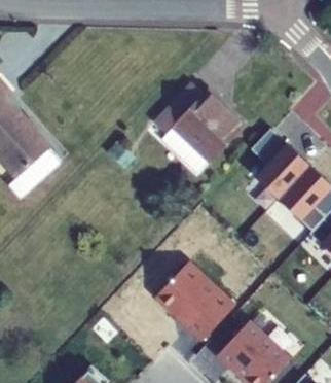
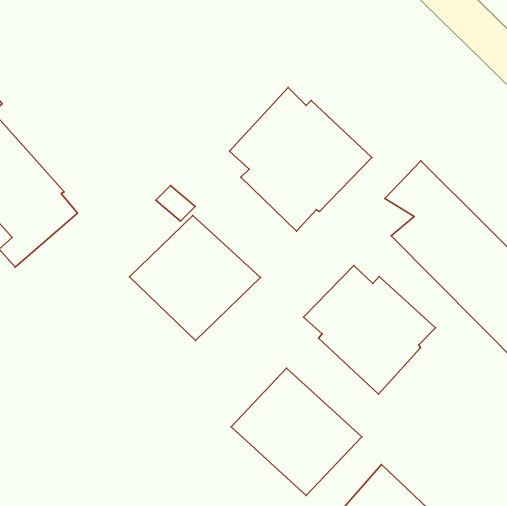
building: none -> [129,216,261,341]
building: none -> [304,265,435,394]

